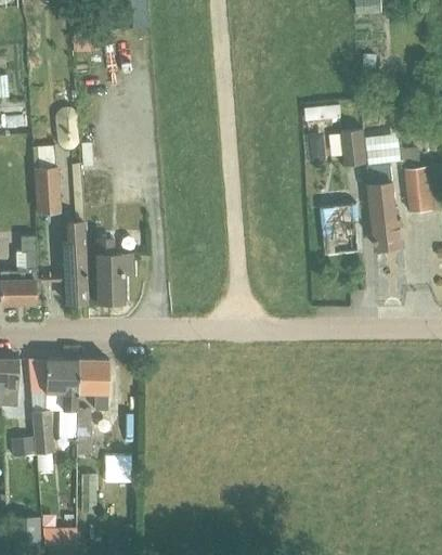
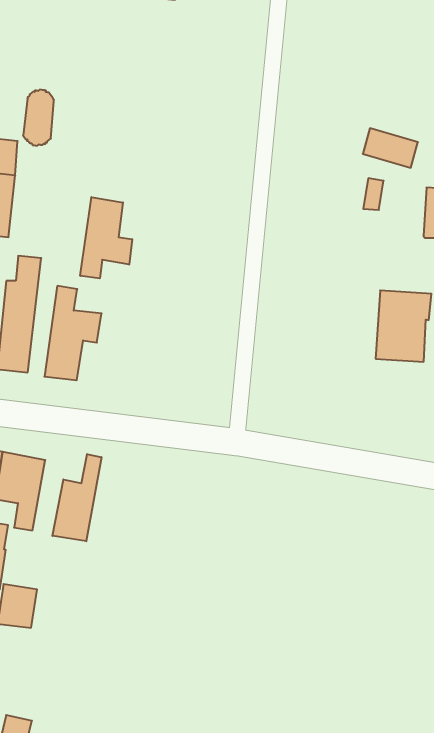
building: none -> [80,197,132,278]
building: none -> [52,454,101,541]

